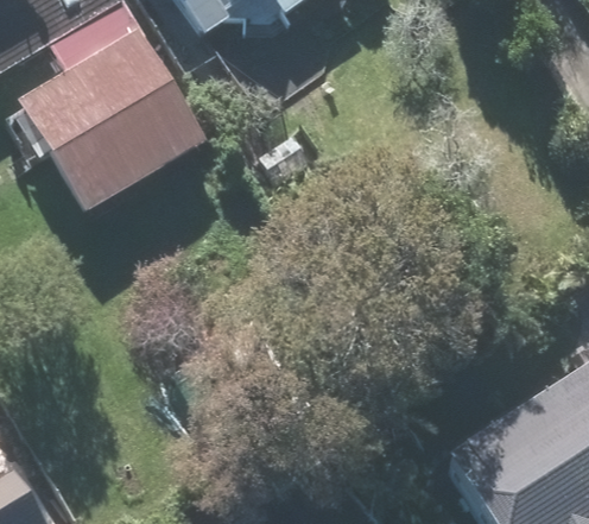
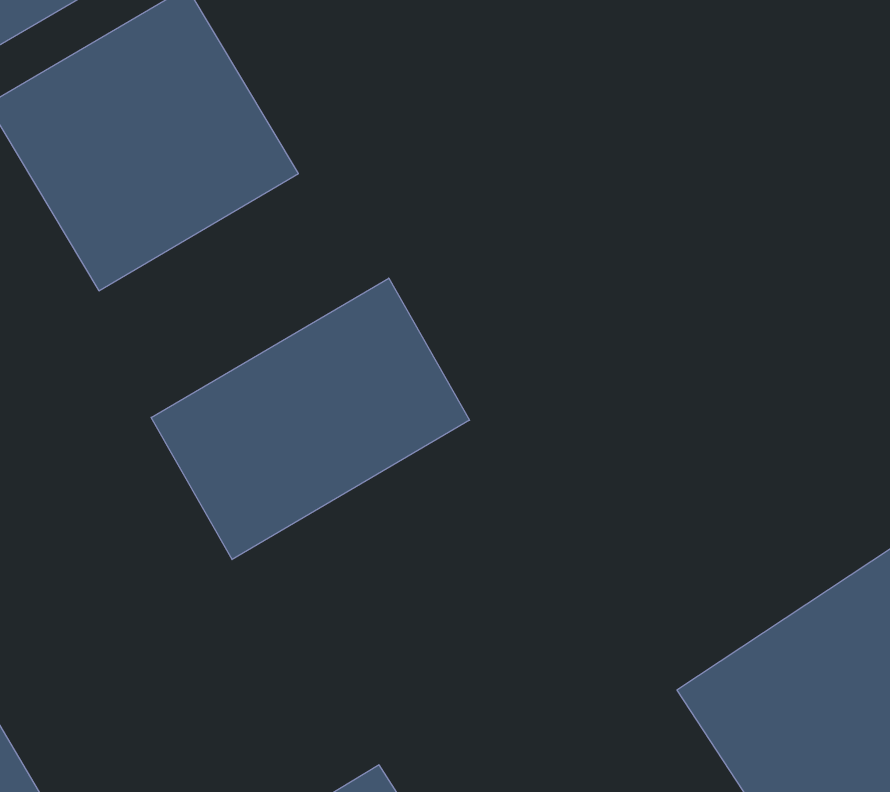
building: none -> [151,278,470,560]

